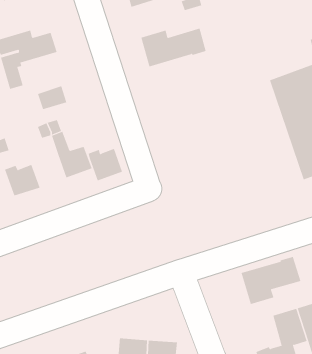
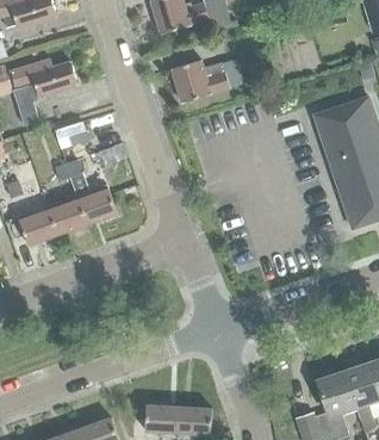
building: [88,148,123,181] -> [48,198,87,235]
building: [241,256,301,305] -> none

